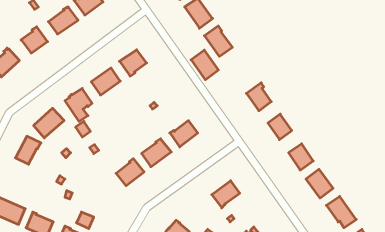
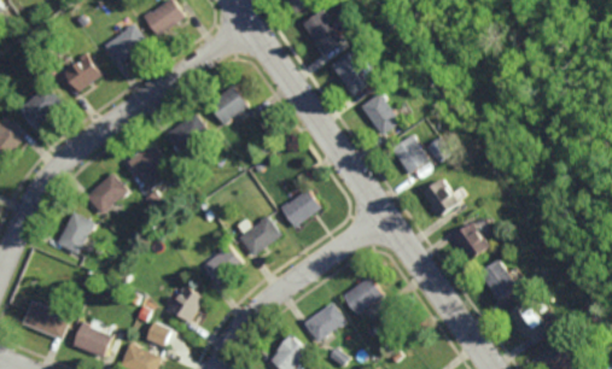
building: [191,50,218,80] -> [362,92,402,135]
building: none -> [168,283,204,322]
building: none -> [304,303,348,342]

